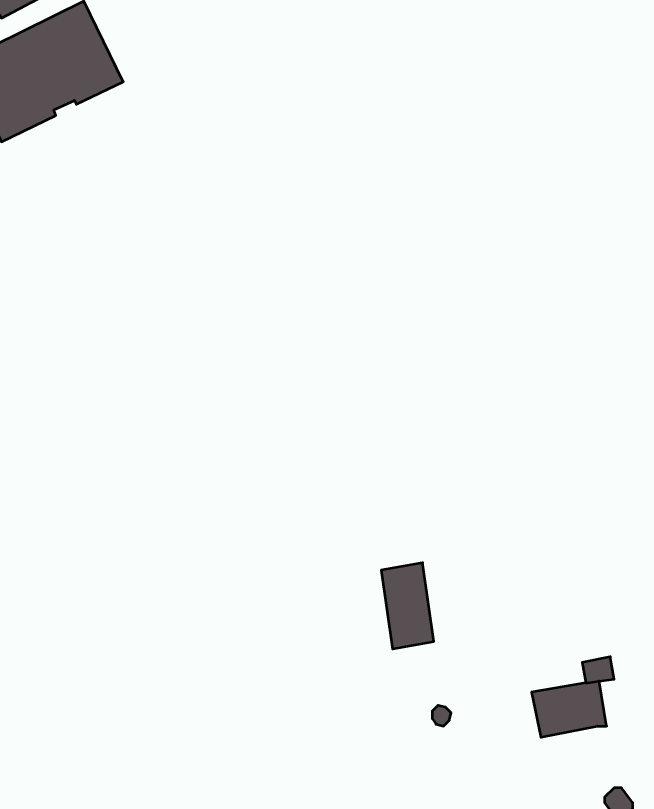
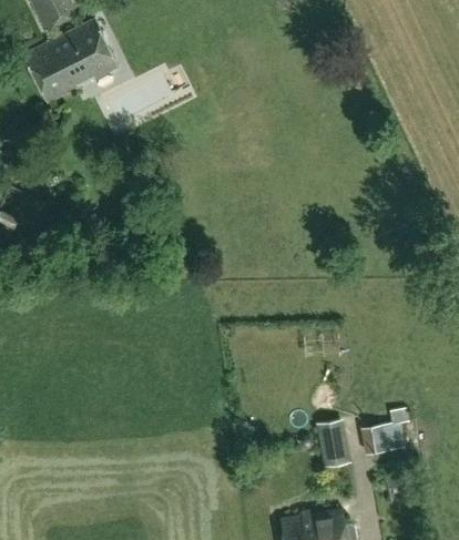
building: [381,563,434,649] -> [317,417,348,468]

